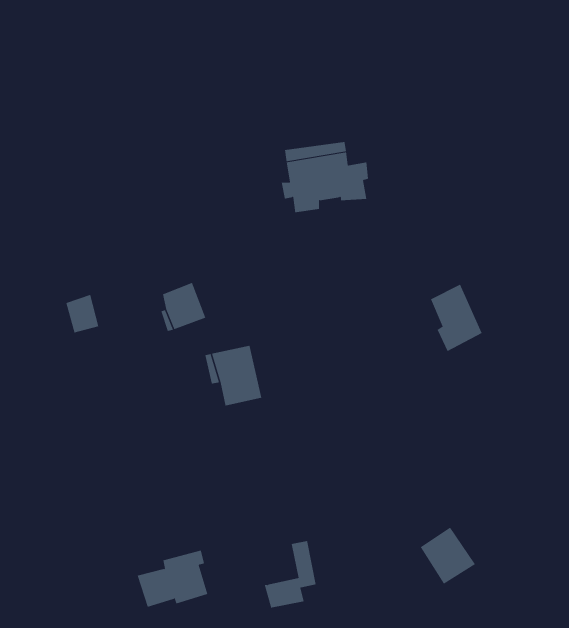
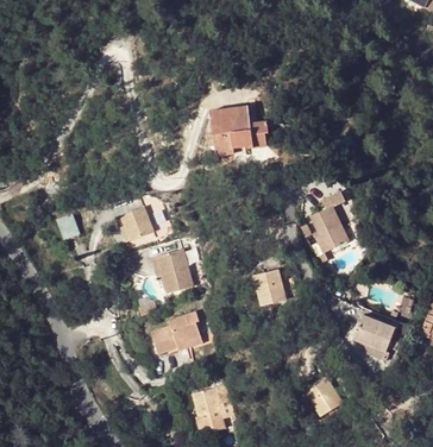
building: none -> [253,269,284,304]
building: none -> [353,315,396,353]
building: none -> [192,388,218,416]
building: [137,550,208,608] -> [150,310,200,351]

